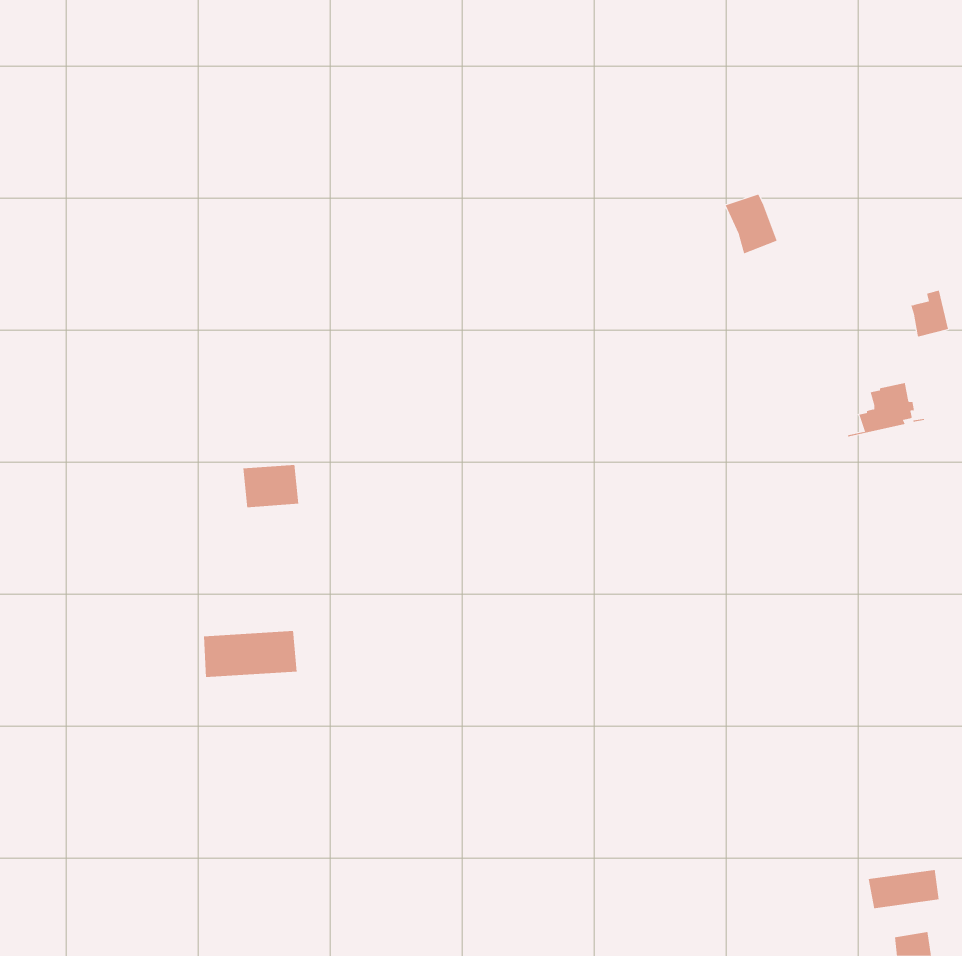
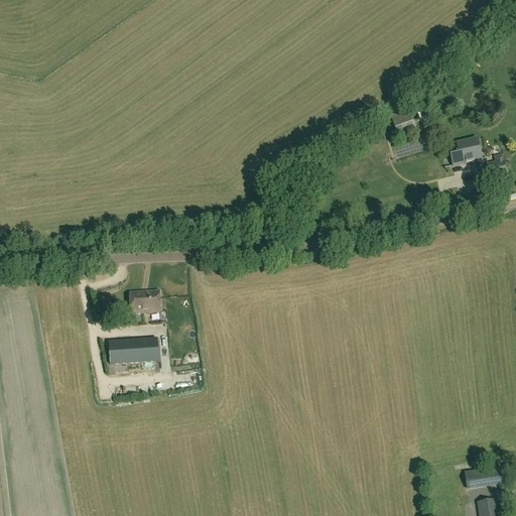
building: [847,383,926,437] -> [444,137,487,166]
building: [243,464,299,508] -> [130,289,160,312]

